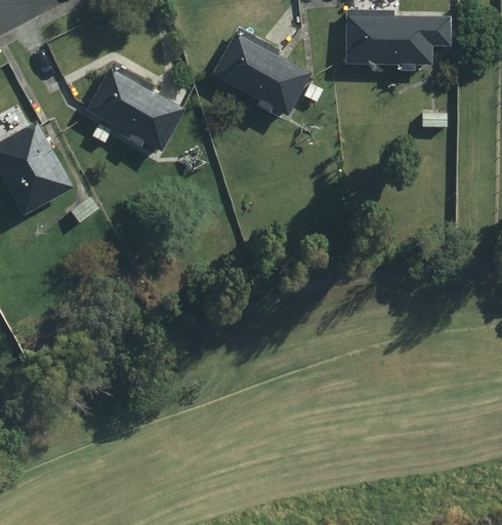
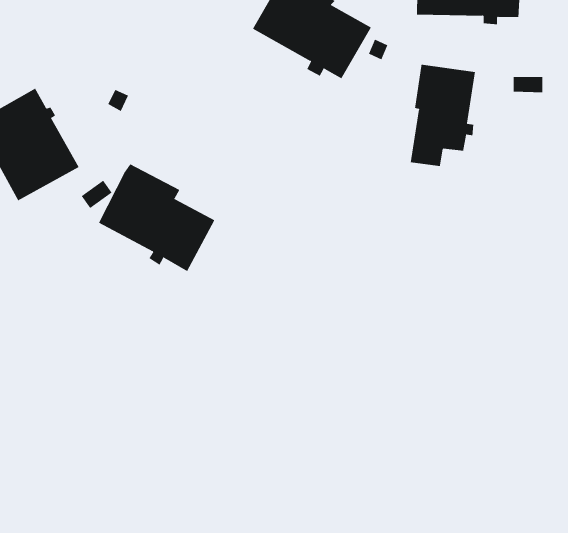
building: [88,64,183,152] -> [98,164,215,272]
building: none -> [410,64,475,167]

